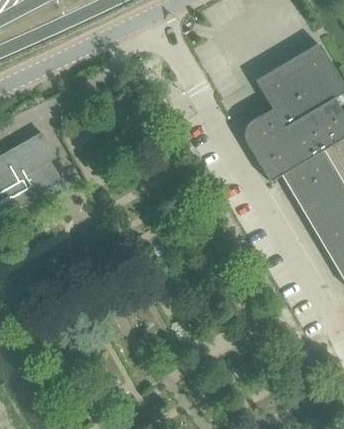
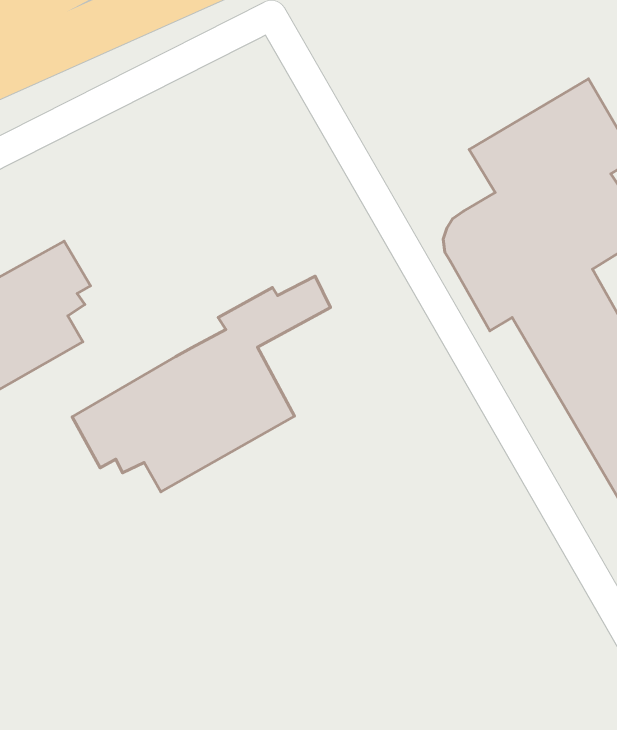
building: none -> [72,276,331,492]

